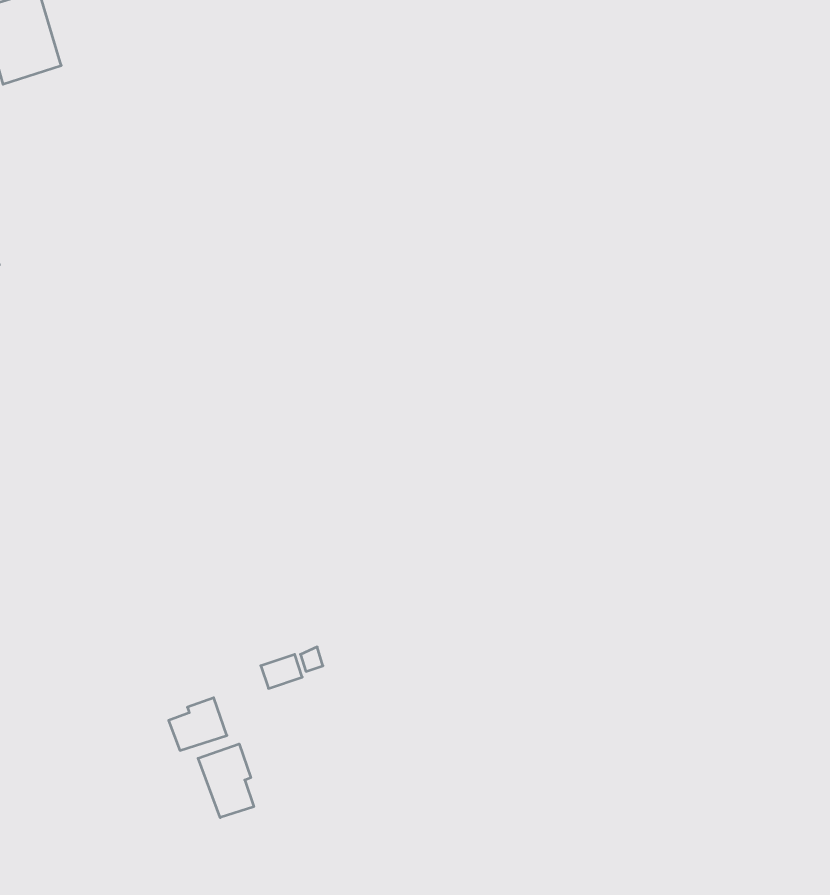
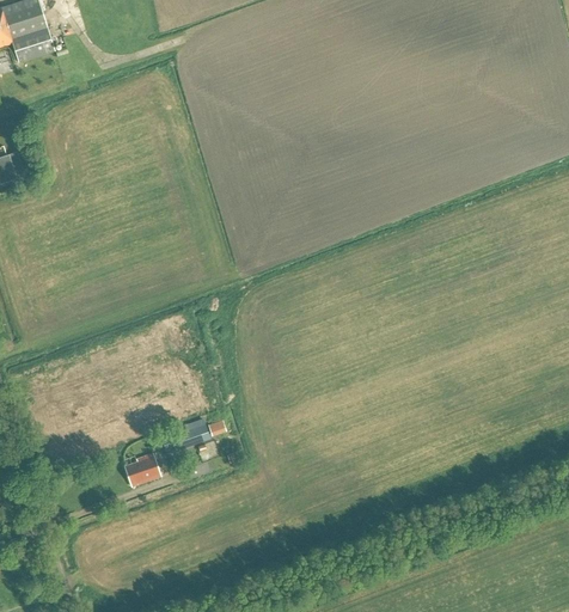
building: [198,744,254,818] -> none

